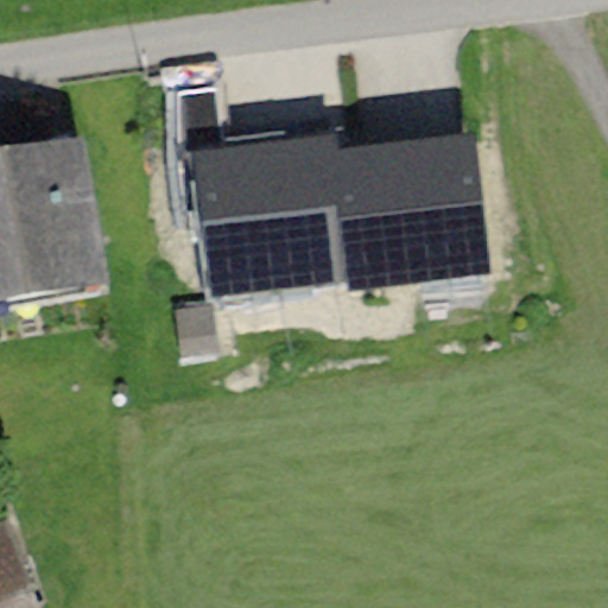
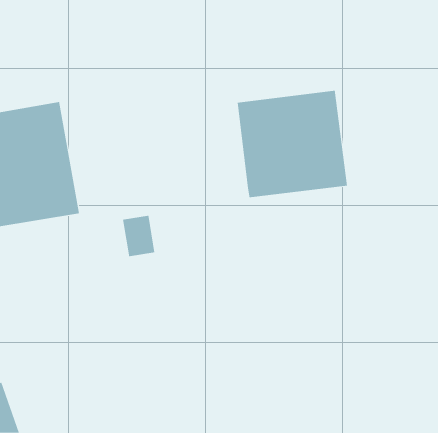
building: [188,115,338,274] -> none

